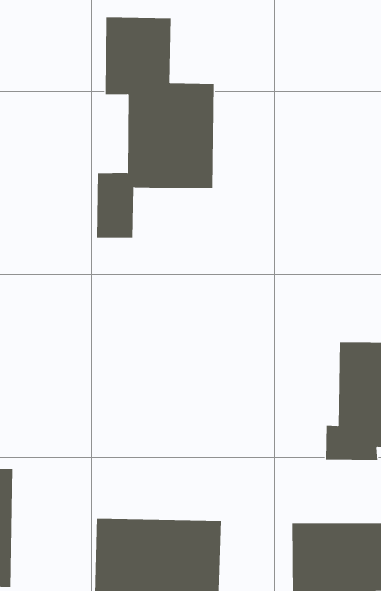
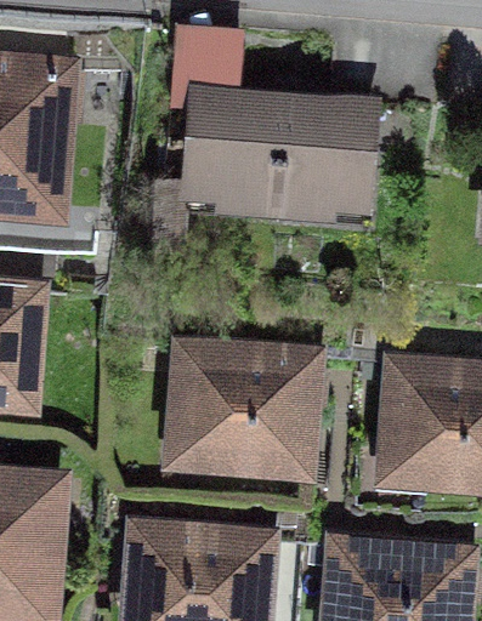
building: none -> [278,97,373,206]
building: none -> [180,348,313,462]

